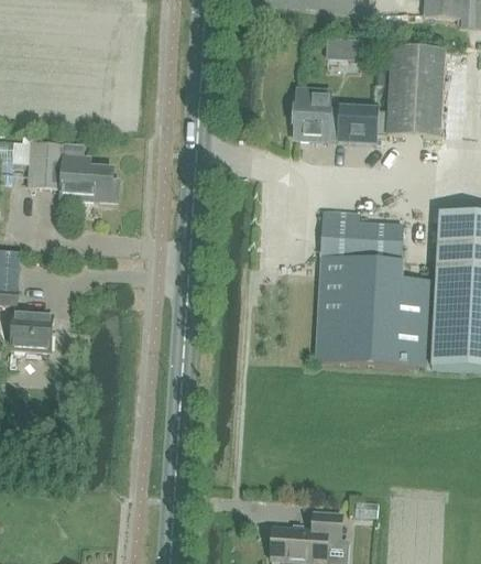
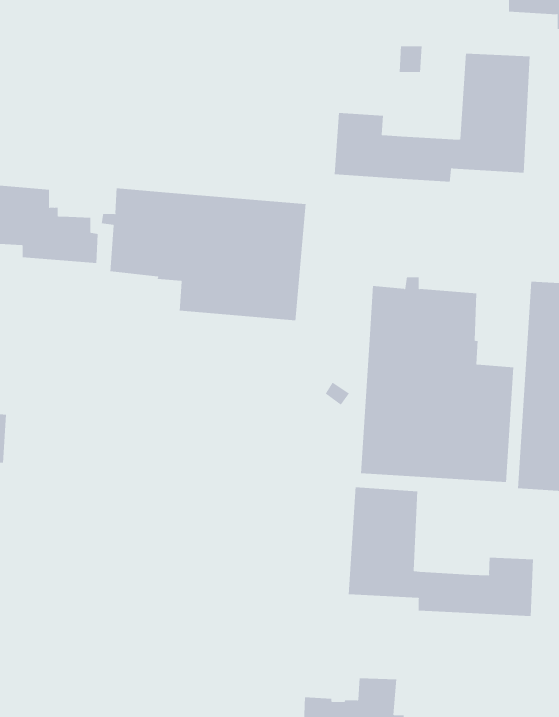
building: none -> [101,187,306,321]
building: none -> [348,486,534,617]

